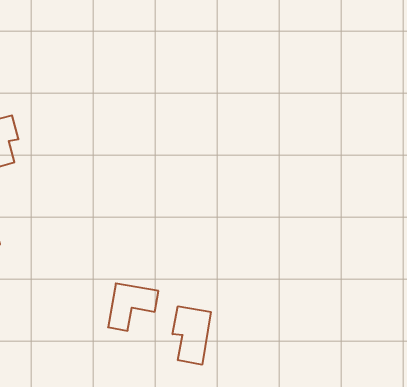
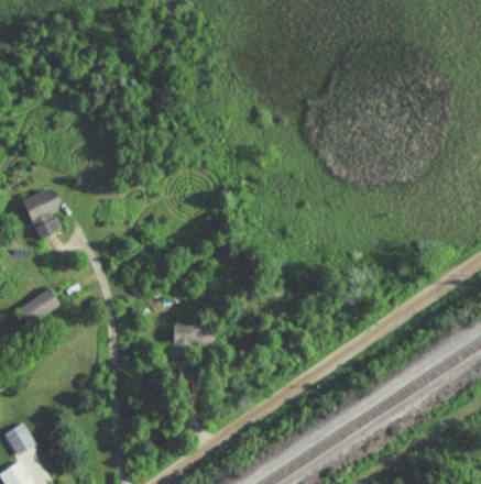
building: [173,306,211,365] -> none

